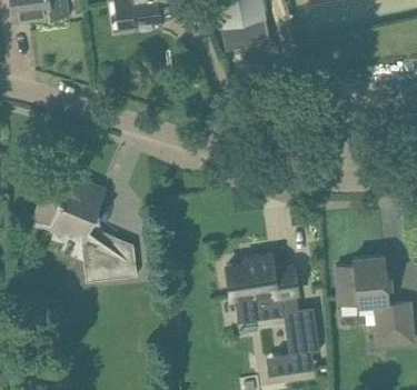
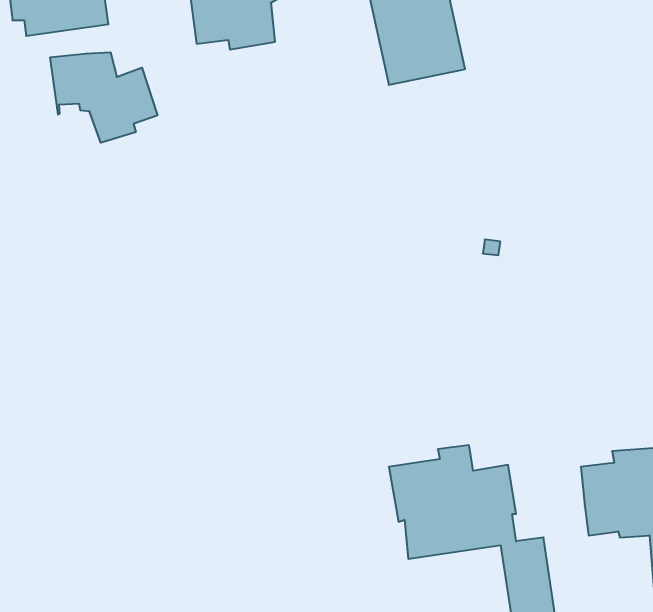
building: none -> [50,52,157,143]
building: [32,176,120,282] -> none

